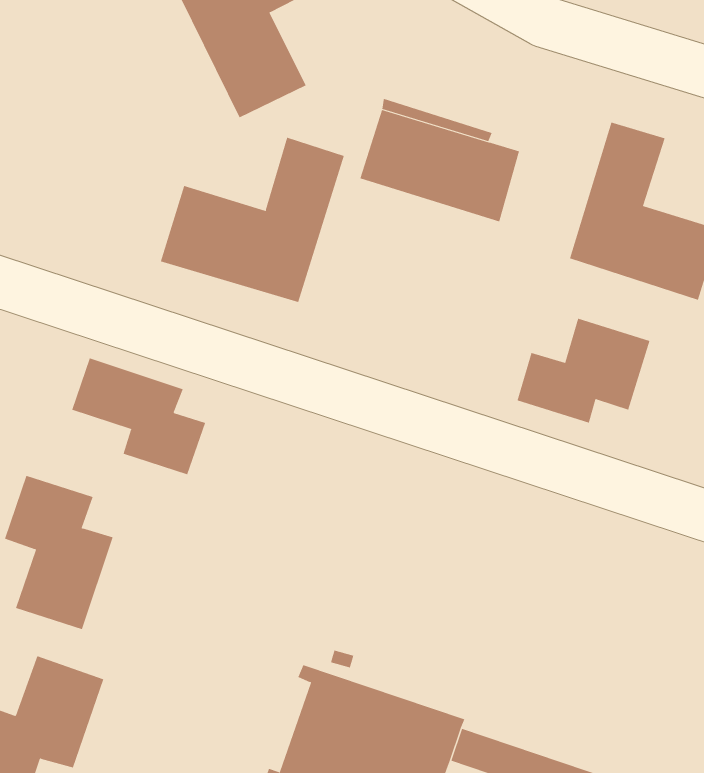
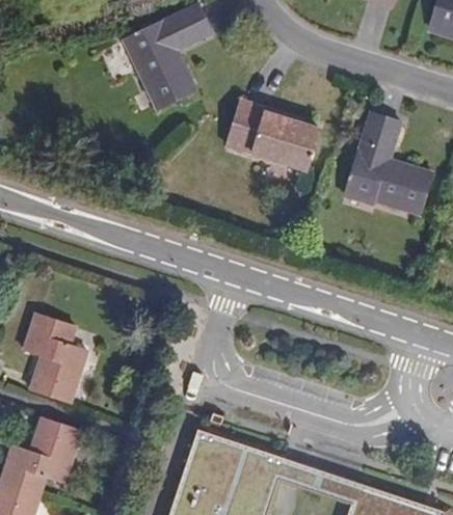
building: [160,137,345,303] -> none
building: [517,318,650,423] -> none
building: [71,358,206,475] -> none

